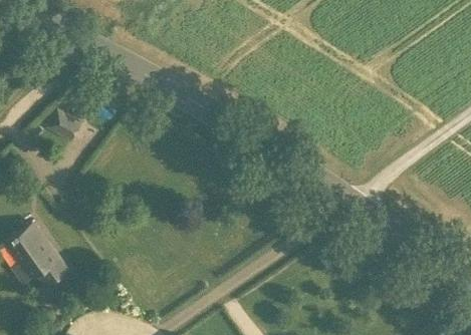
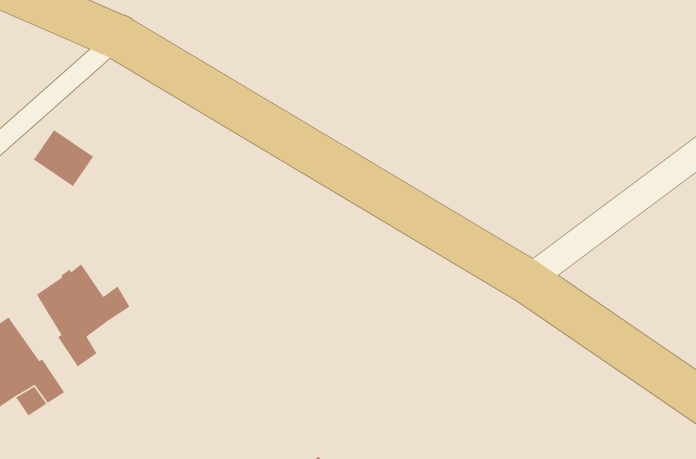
building: none -> [36,263,131,367]

